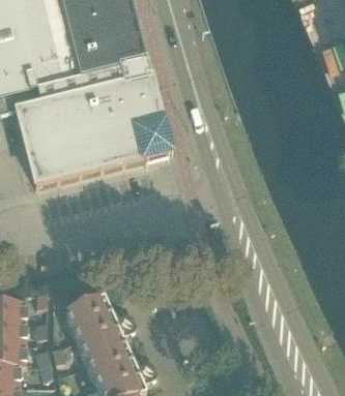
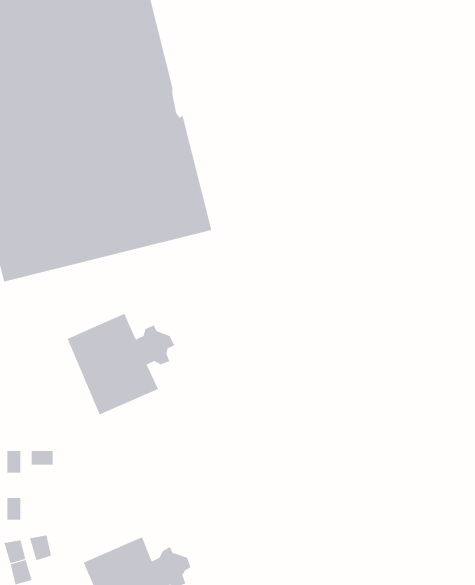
building: [65,298,135,363] -> [67,313,175,415]

